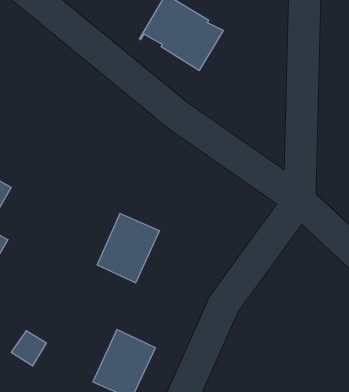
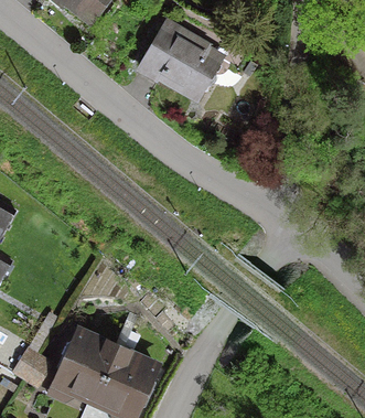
building: [97,214,160,283] -> [55,334,116,401]

